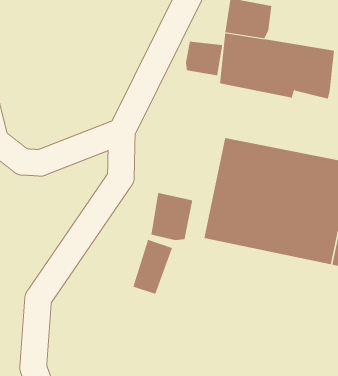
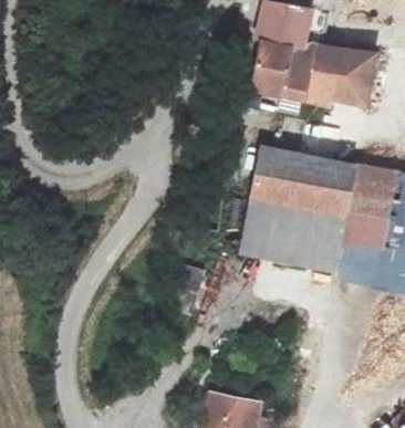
building: [185,41,223,76] -> none
building: [151,192,193,241] -> none

